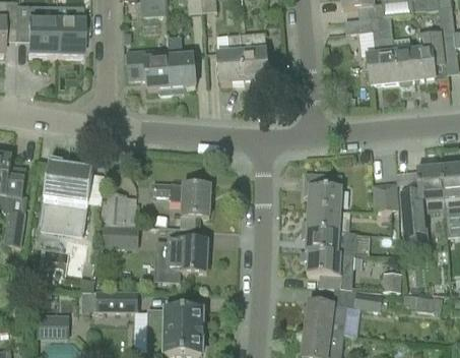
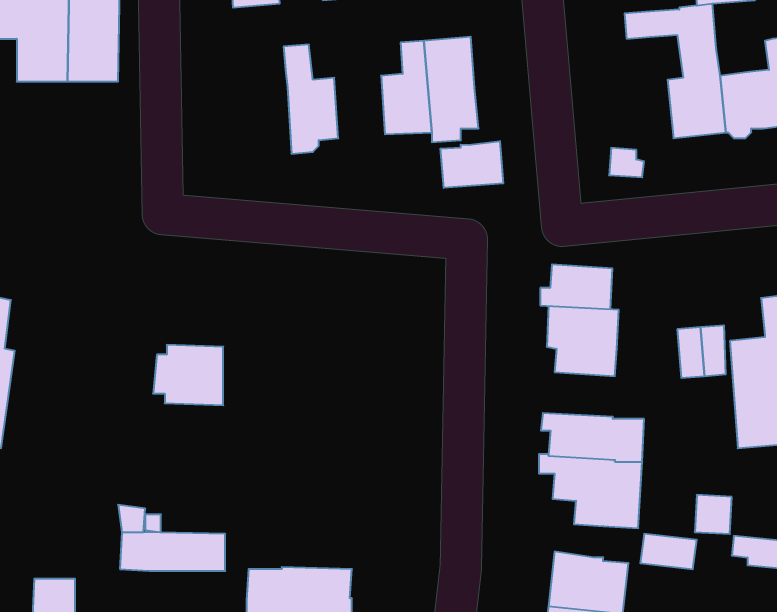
building: [127,50,171,95] -> none
building: none -> [440,141,503,188]
building: [39,159,92,237] -> none
building: [153,183,210,217] -> none
building: [302,207,339,231] -> [540,264,612,309]
building: [101,226,136,247] -> none
building: [161,239,207,282] -> none

